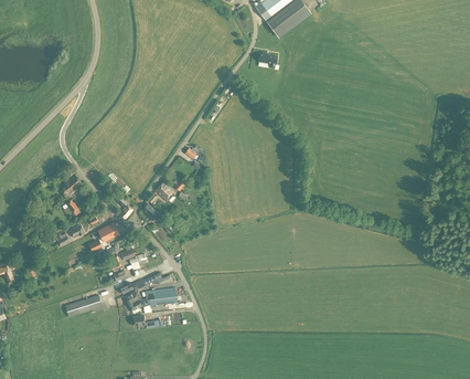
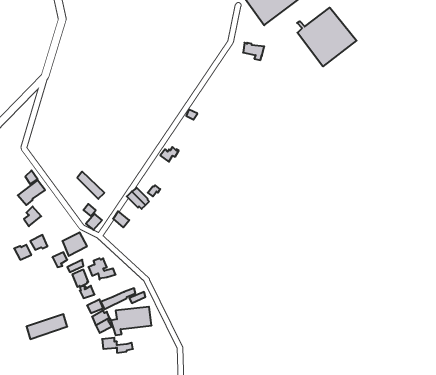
building: none -> [297,8,357,66]

